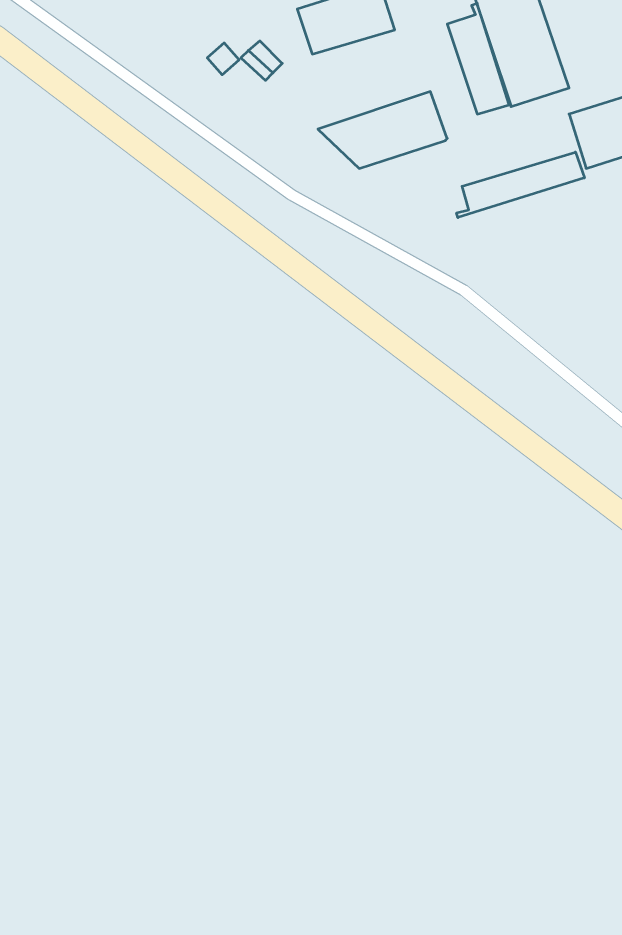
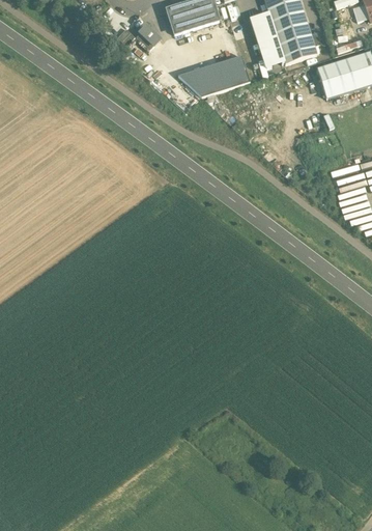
building: [457,152,584,218] -> none

